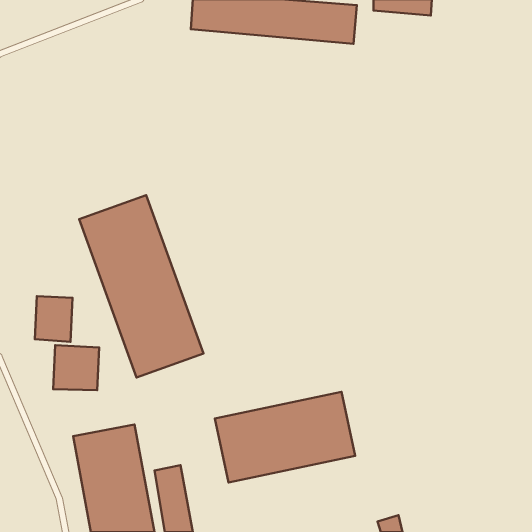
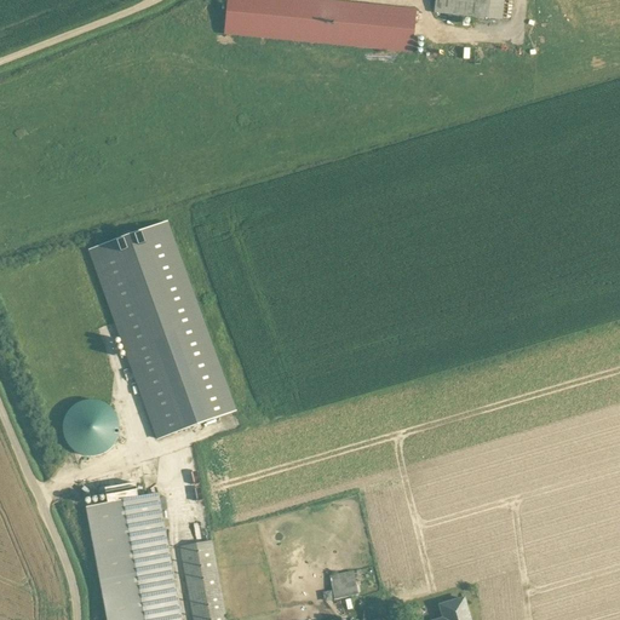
building: [35,296,73,342] -> none
building: [215,392,355,483] -> none
building: none -> [328,572,356,599]

